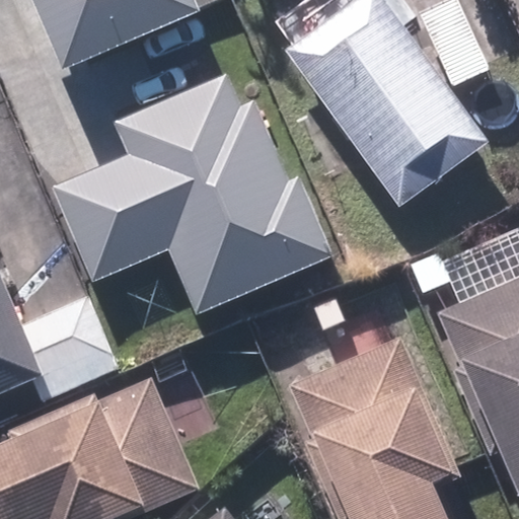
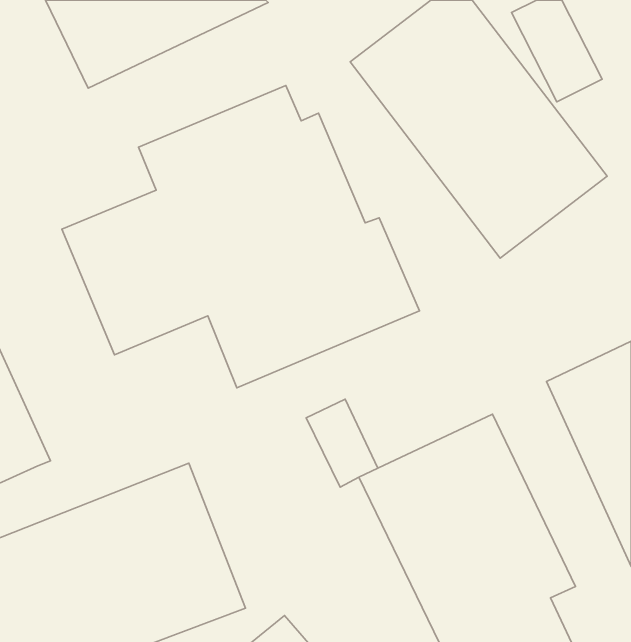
building: [18,293,121,401] -> none

